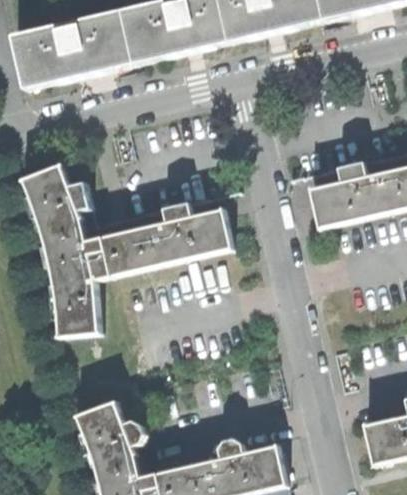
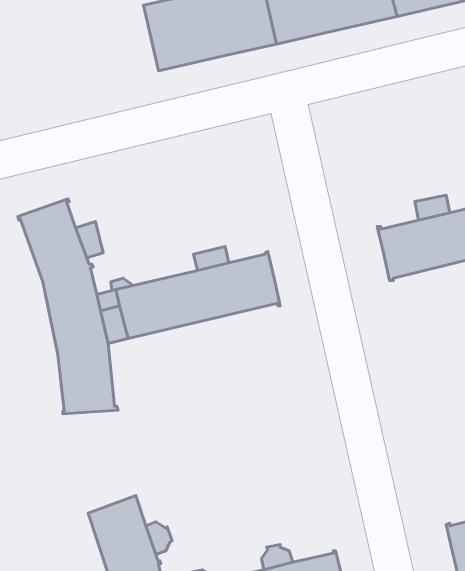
building: [11,11,132,88] -> none

